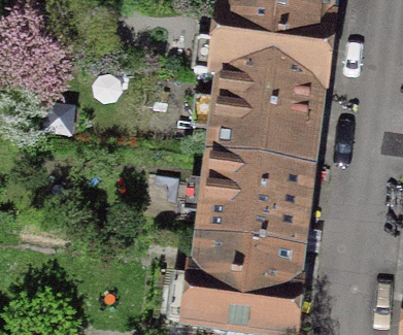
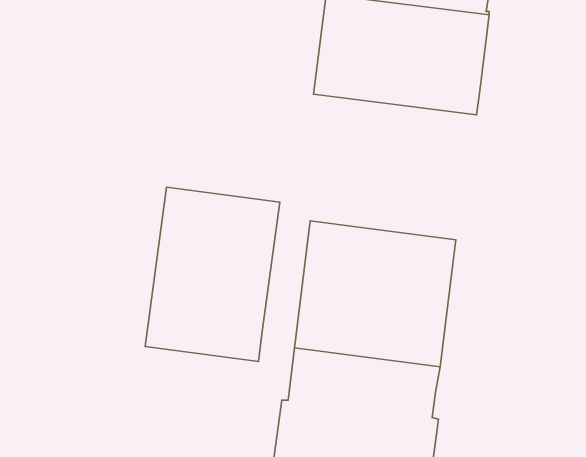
building: [213,67,322,162] -> none
building: none -> [145,187,280,361]

